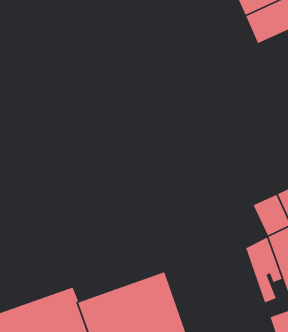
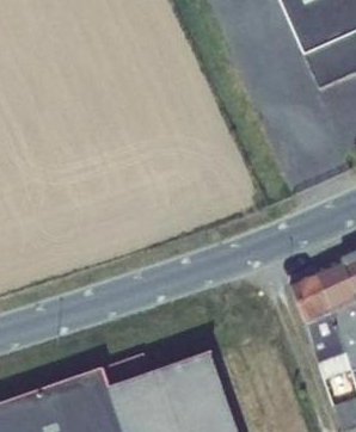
building: none -> [291,276,331,326]

